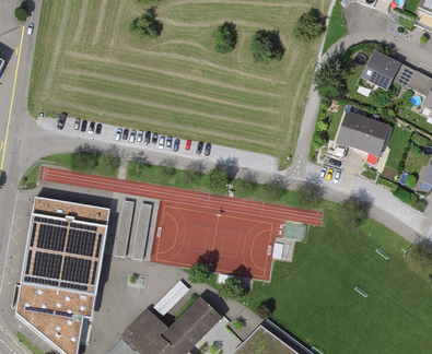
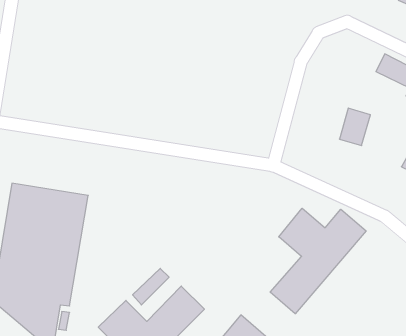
building: [362,52,402,93] -> none
building: [335,113,366,150] -> none
building: none -> [270,208,366,314]

